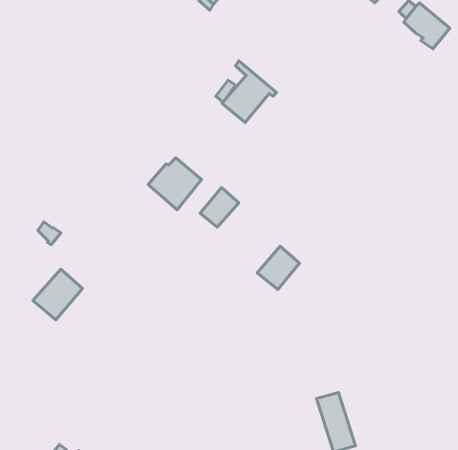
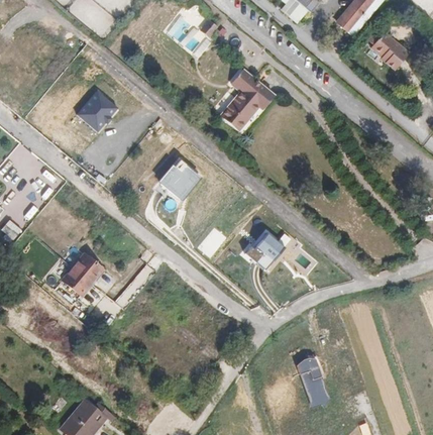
building: none -> [233,70,274,106]
building: none -> [78,91,117,131]
building: [200,188,239,227] -> none

